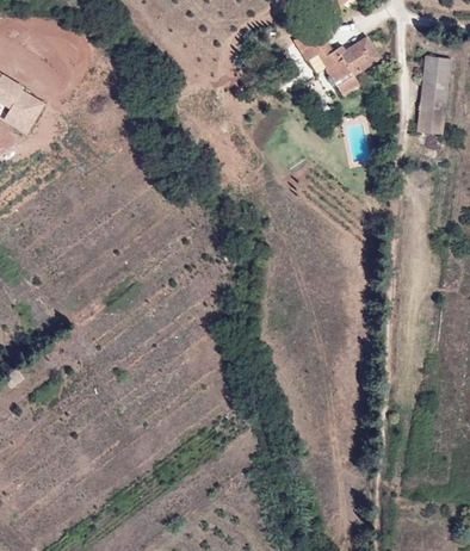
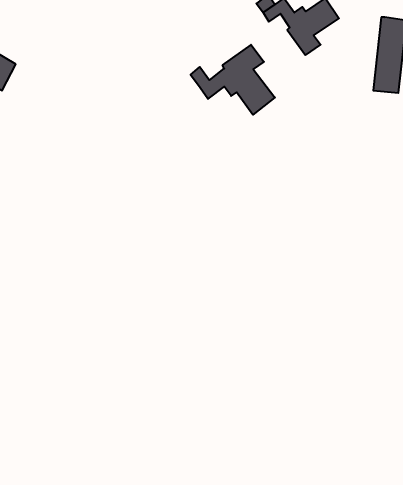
building: none -> [191,45,275,115]

